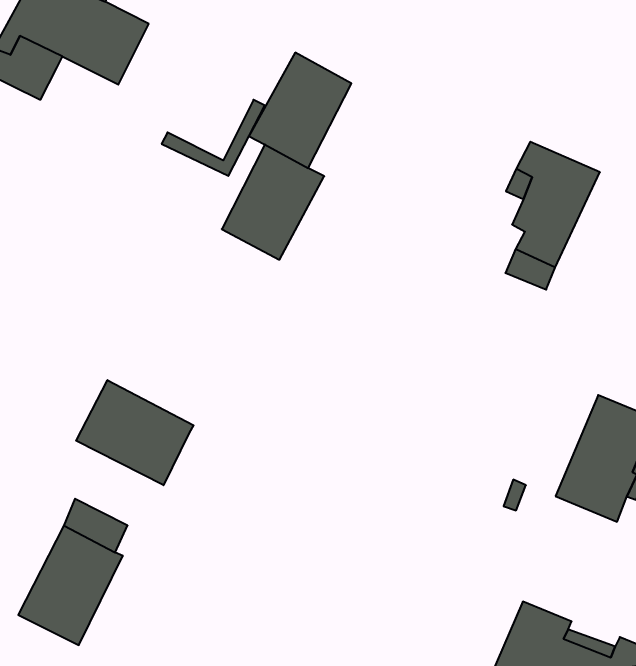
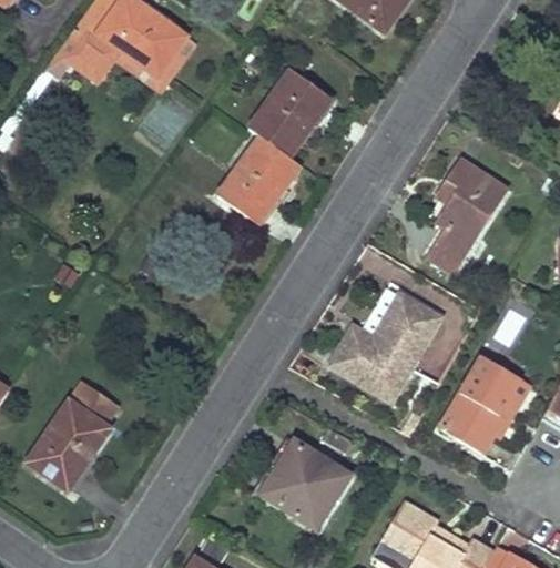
building: [162,100,265,176] -> [112,33,193,88]
building: none -> [329,295,439,400]
building: [76,380,194,485] -> none
building: none -> [259,442,348,529]

